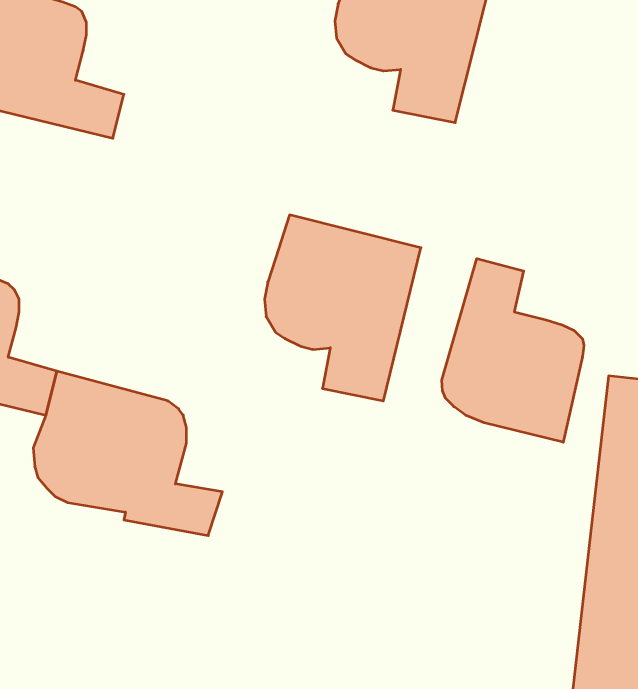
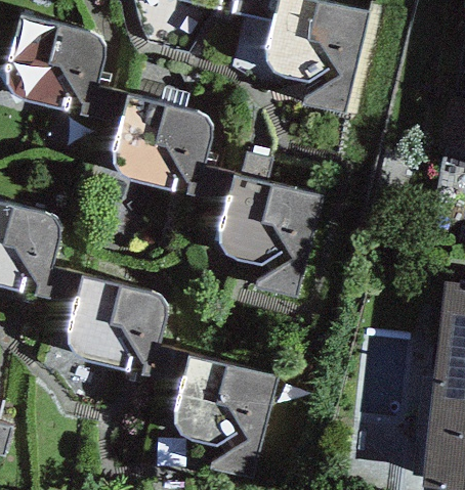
building: none -> [111,95,235,203]
building: [442,259,584,442] -> none
building: none -> [174,355,279,478]

